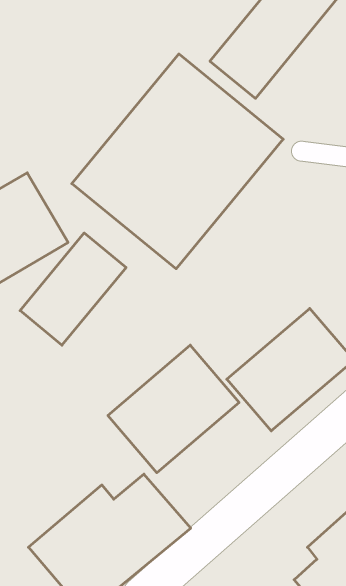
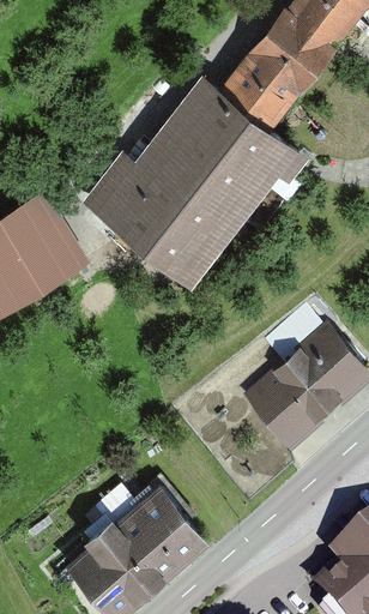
building: [20,233,126,345] -> none
building: [108,345,239,473] -> none

